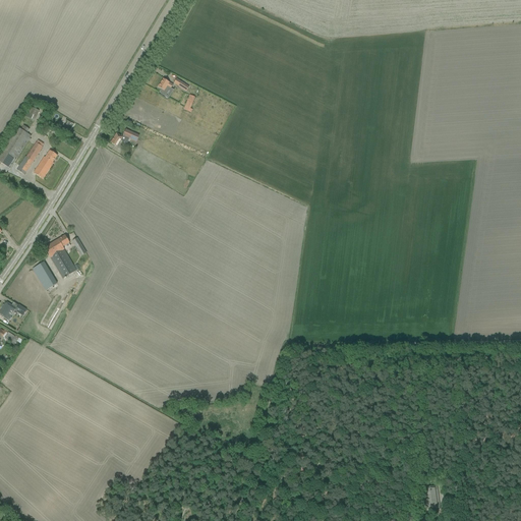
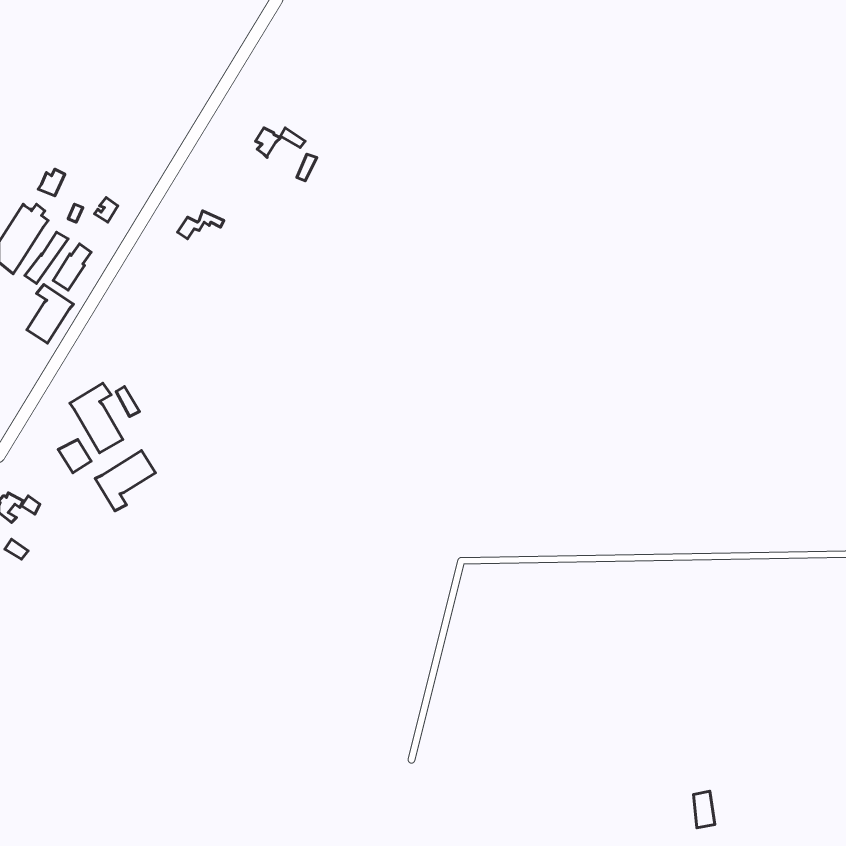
building: none -> [27,284,73,343]
building: none -> [95,451,155,511]

